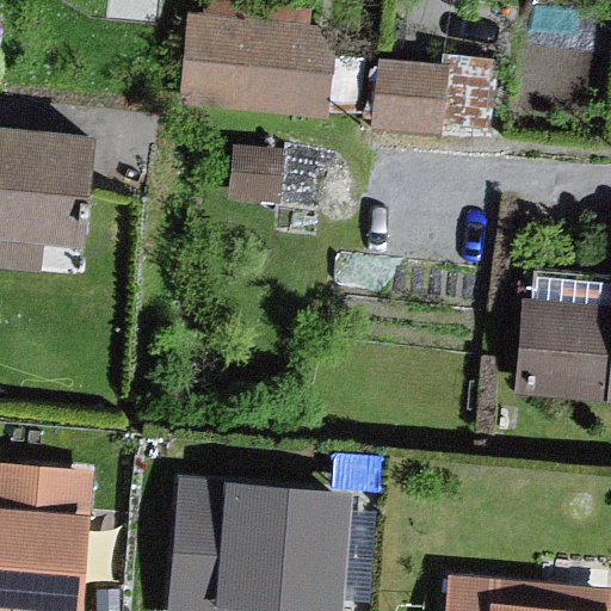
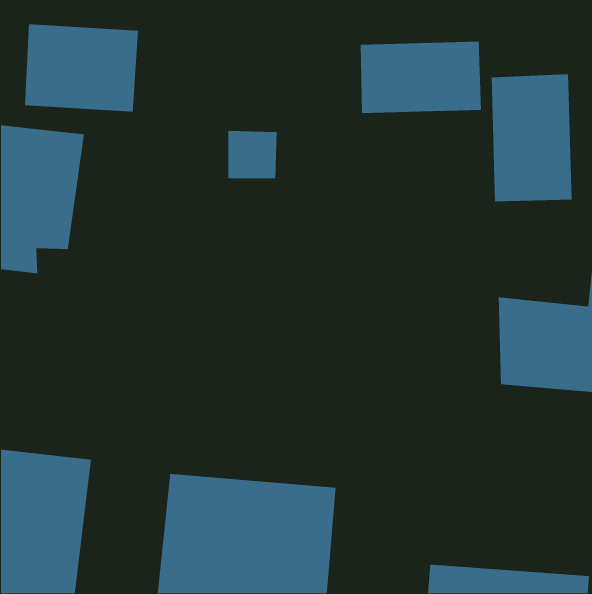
building: [183,14,333,119] -> none
building: none -> [24,23,139,112]
building: none -> [491,74,573,202]

